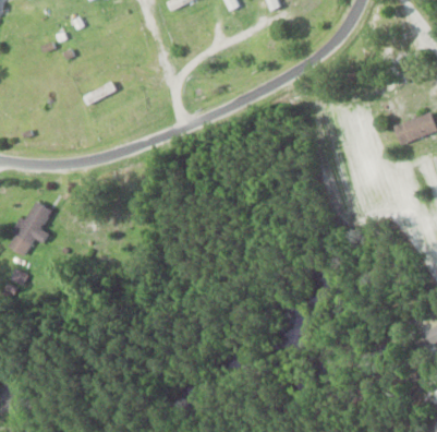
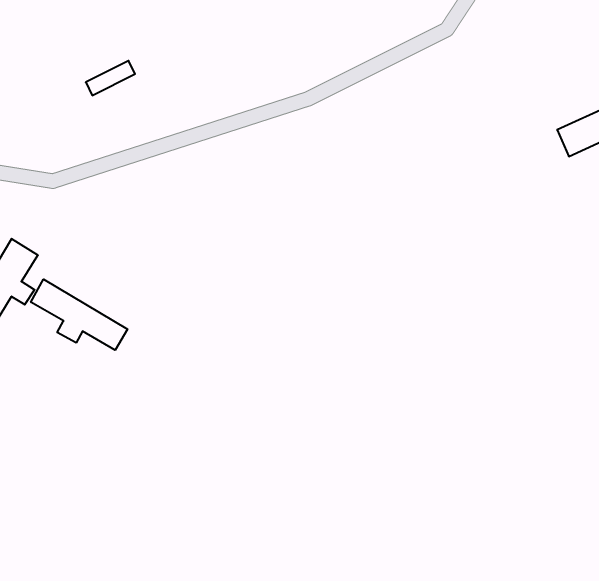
building: none -> [31,279,127,350]

